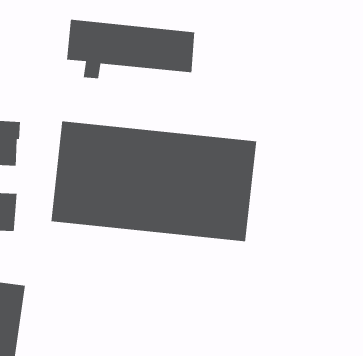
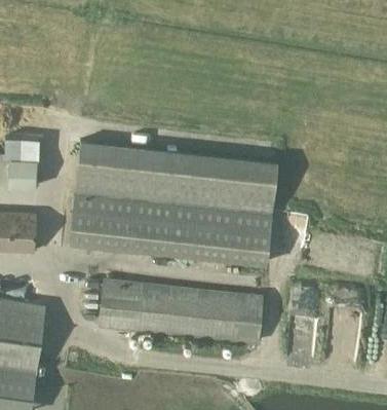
building: [66,19,195,79] -> none
building: none -> [100,281,263,343]

